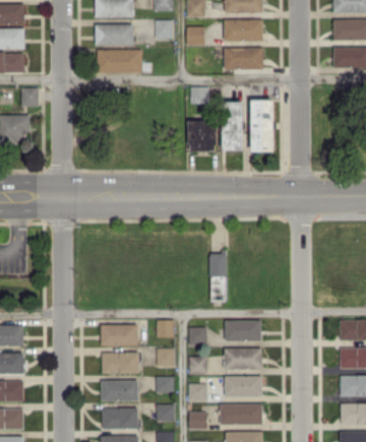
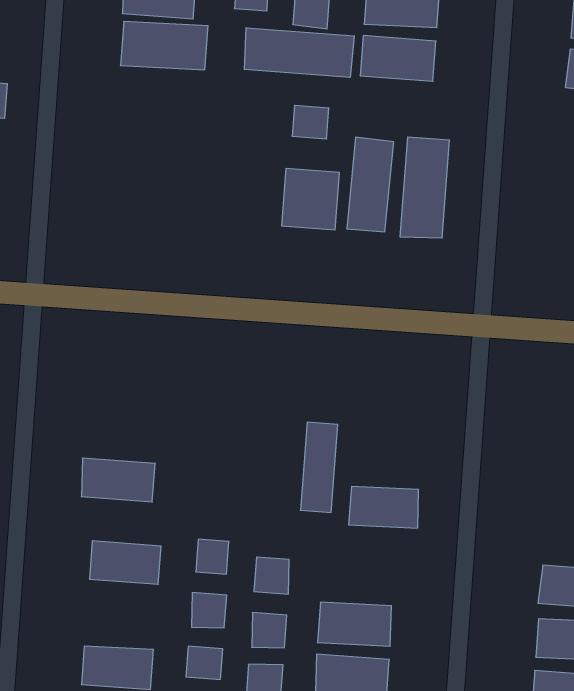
building: none -> [244,28,354,77]
building: [225,320,261,341] -> [349,486,419,528]
building: [101,353,139,373] -> [81,458,155,502]

